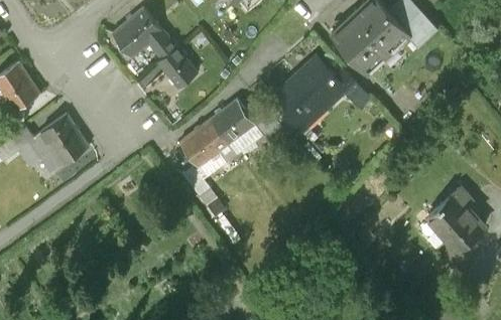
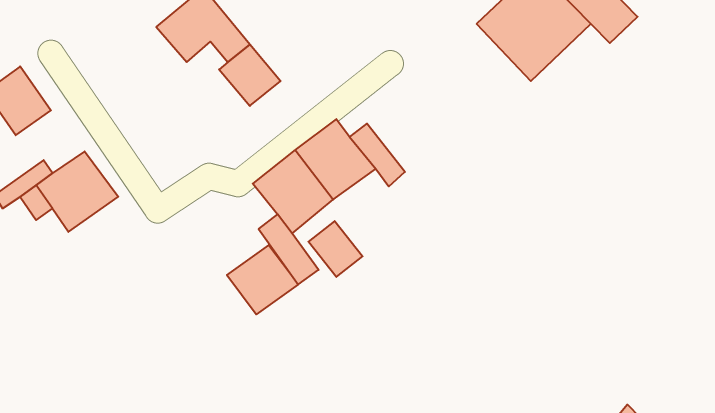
building: [271,55,349,131] -> none
building: none -> [308,221,363,277]
building: none -> [227,245,298,314]
building: [427,189,486,254] -> none

